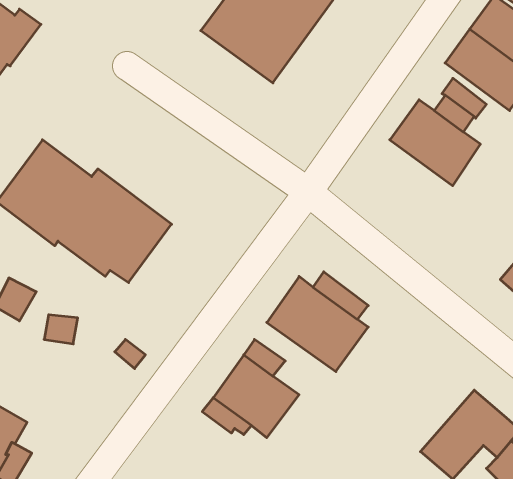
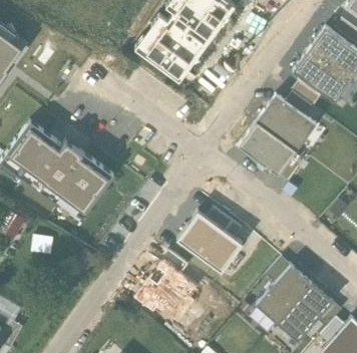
building: none -> [237,120,297,174]
building: none -> [255,257,311,324]

